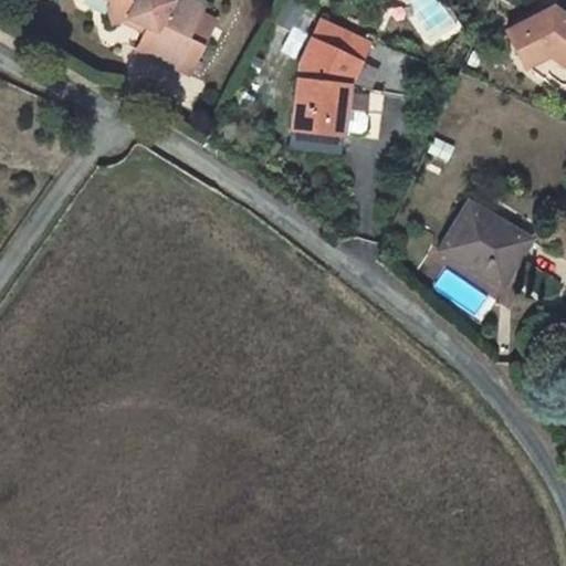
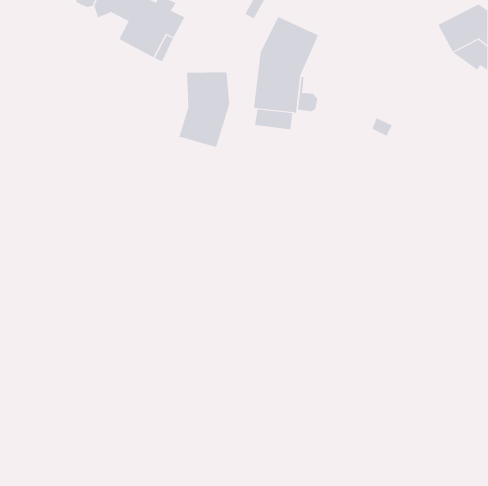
building: none -> [178,72,230,147]
building: [442,202,530,284] -> none

